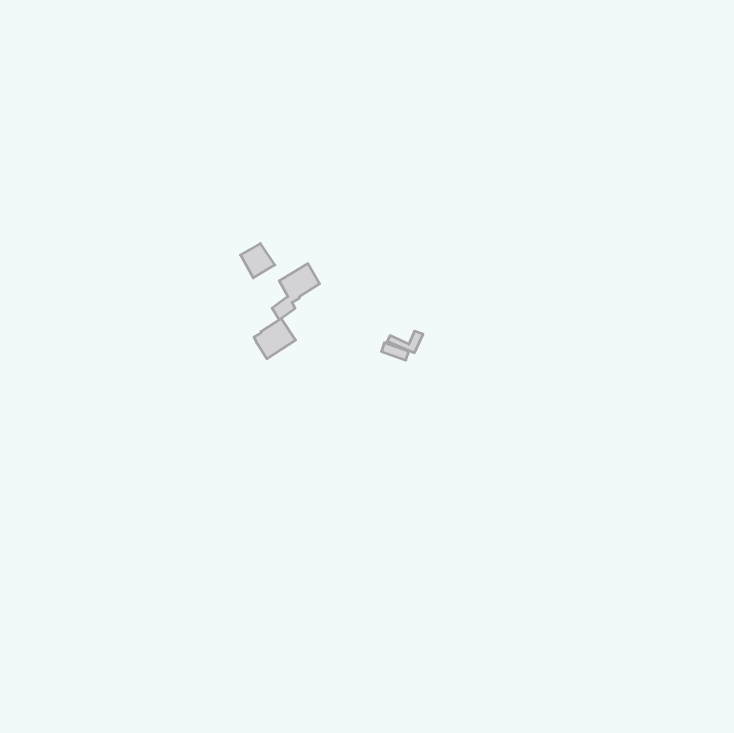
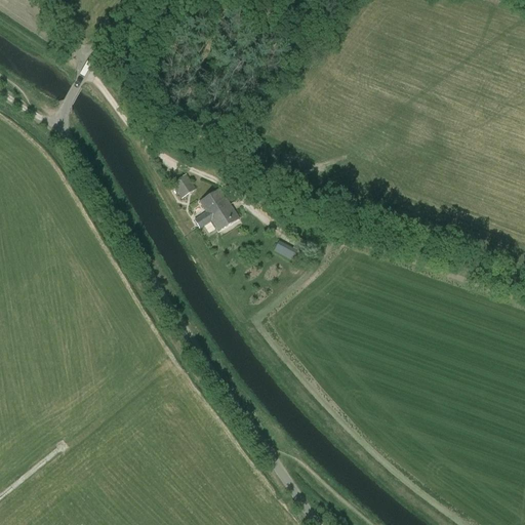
building: [254,318,296,359] -> [208,202,238,231]

